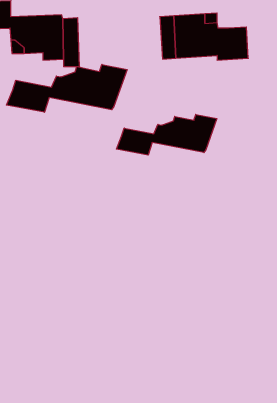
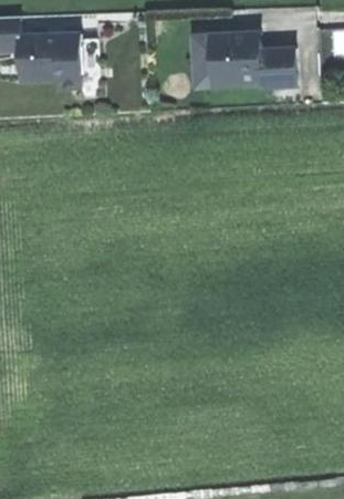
building: [6,64,127,112] -> none
building: [116,114,217,155] -> none

